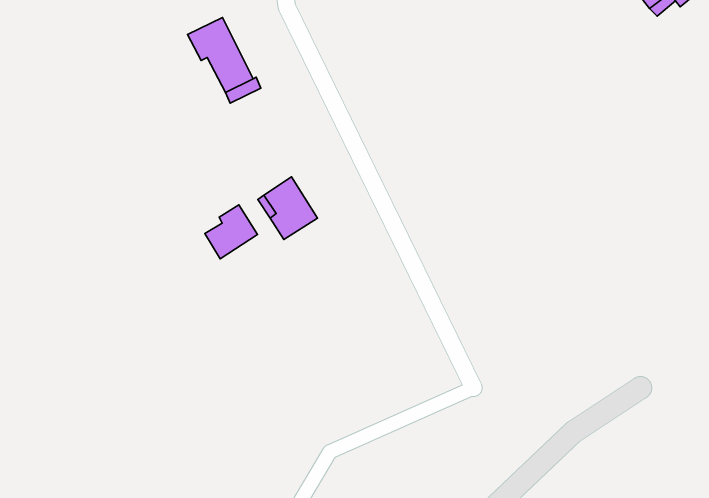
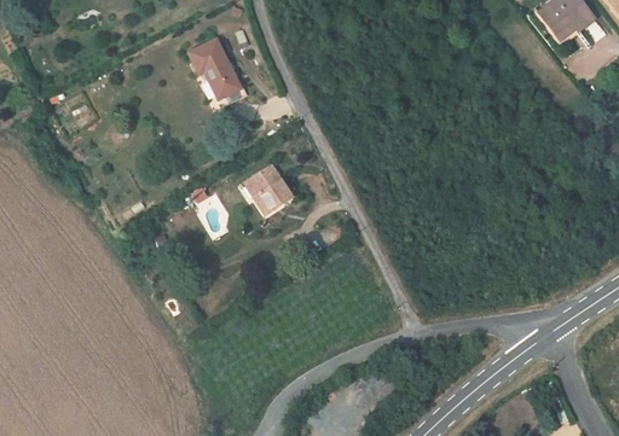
building: [205,205,258,259] -> none

